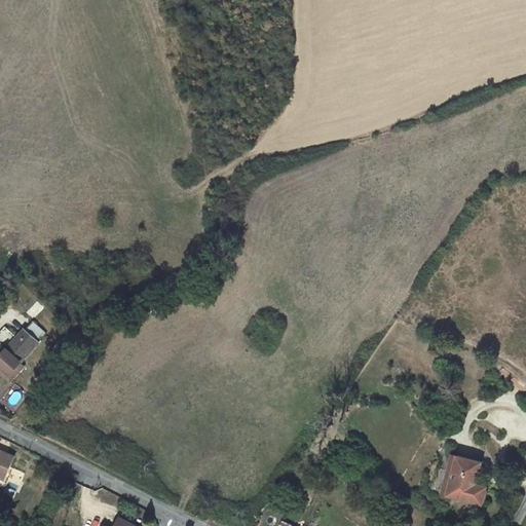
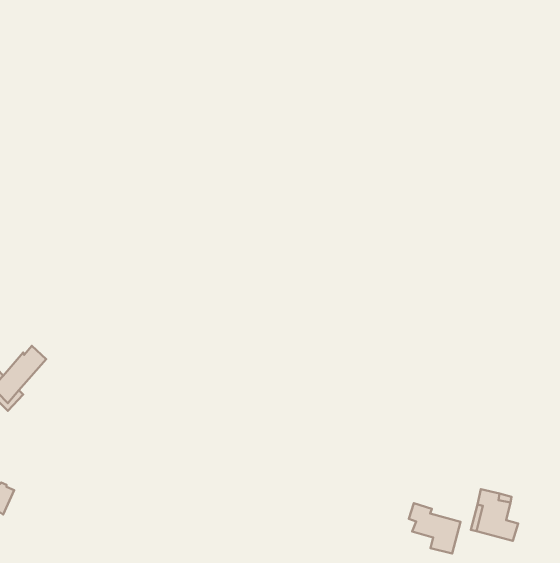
building: none -> [409,503,461,553]

